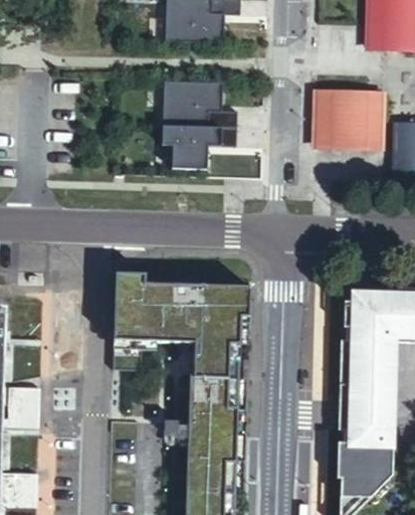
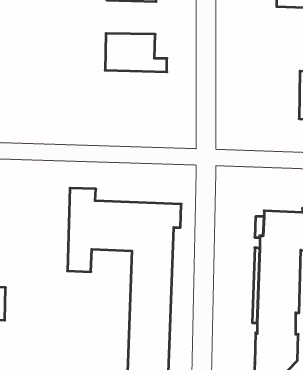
building: [314,94,381,148] -> none
building: [160,125,235,168] -> none

